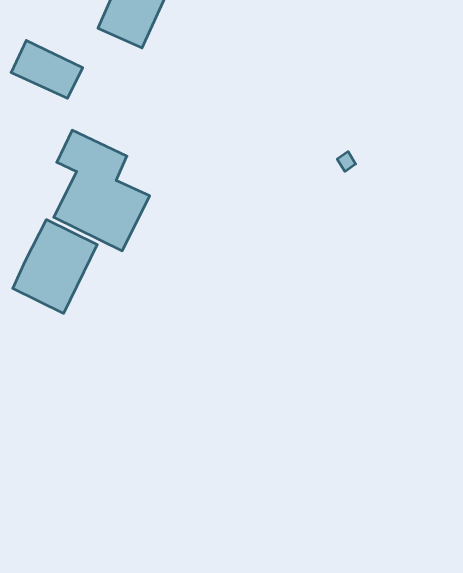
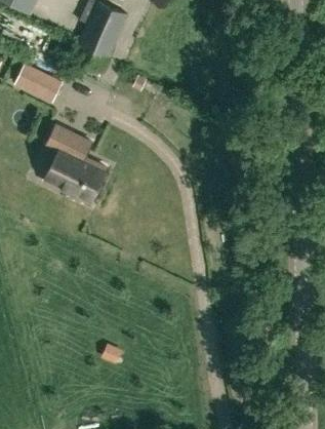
building: [13,220,97,313] -> none

